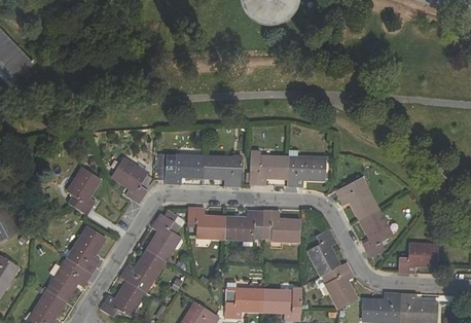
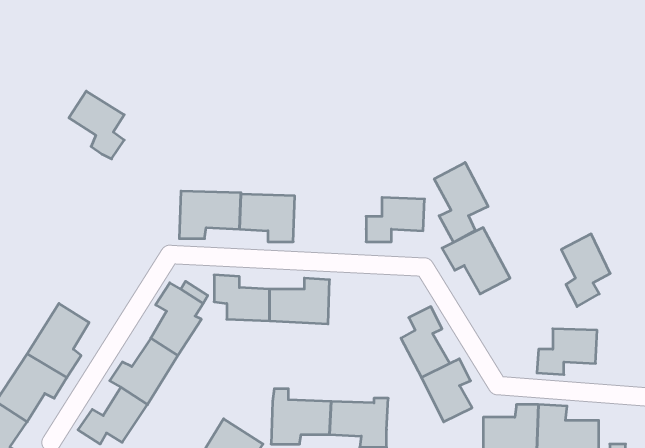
building: none -> [434,162,488,242]
building: [248,151,287,185] -> none
building: [111,159,147,204] -> [69,91,124,159]
building: [67,169,101,216] -> none
building: [360,210,392,257] -> [561,234,610,307]
building: [261,211,299,241] -> none

